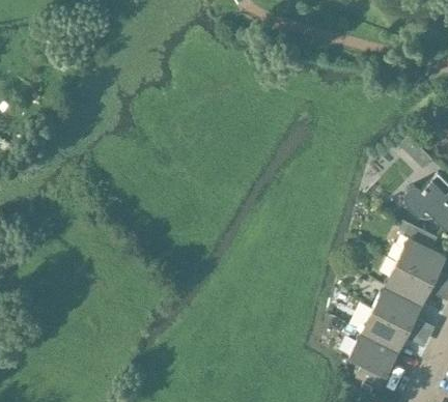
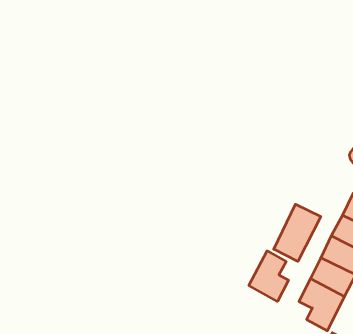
building: none -> [274,204,321,261]
building: none -> [249,251,288,301]

